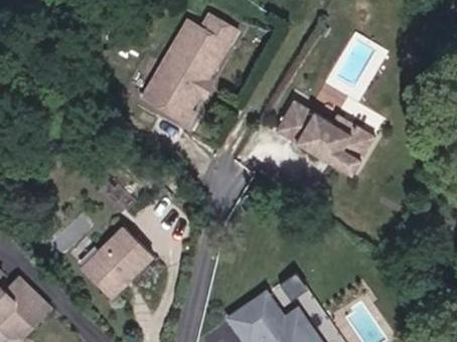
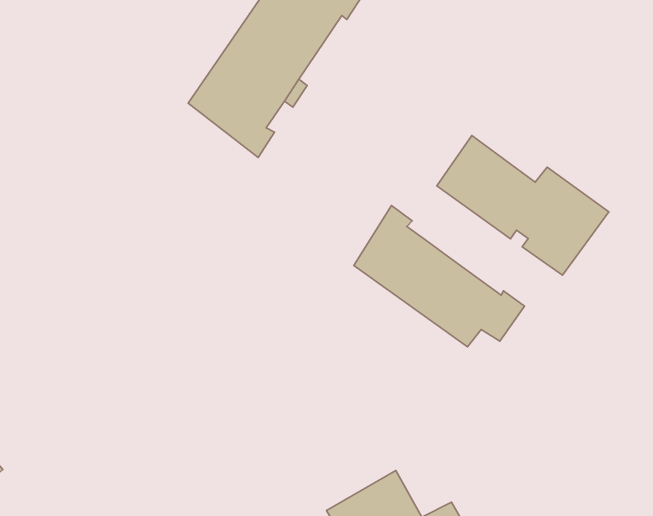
building: none -> [354,205,524,347]
building: [84,231,156,303] -> none

